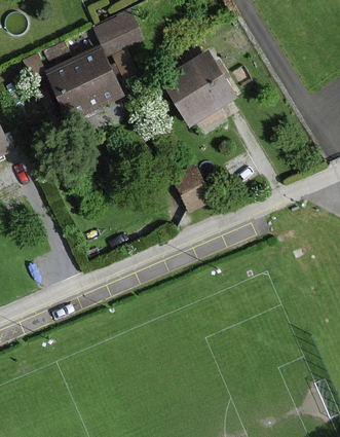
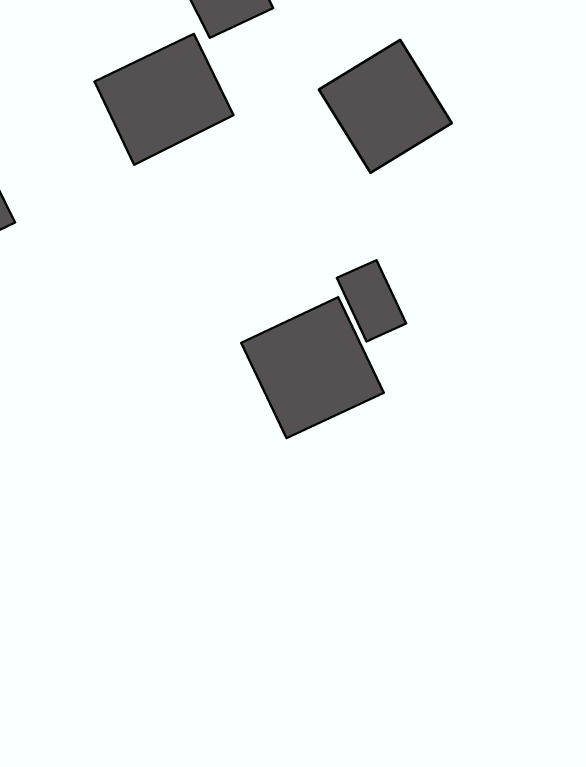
building: none -> [241,297,384,438]

